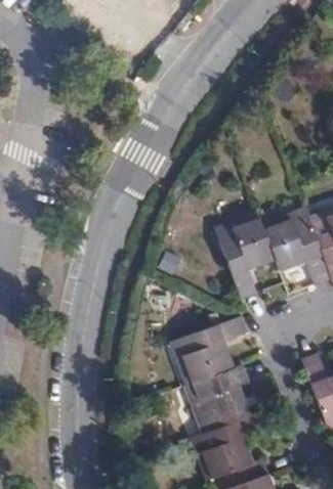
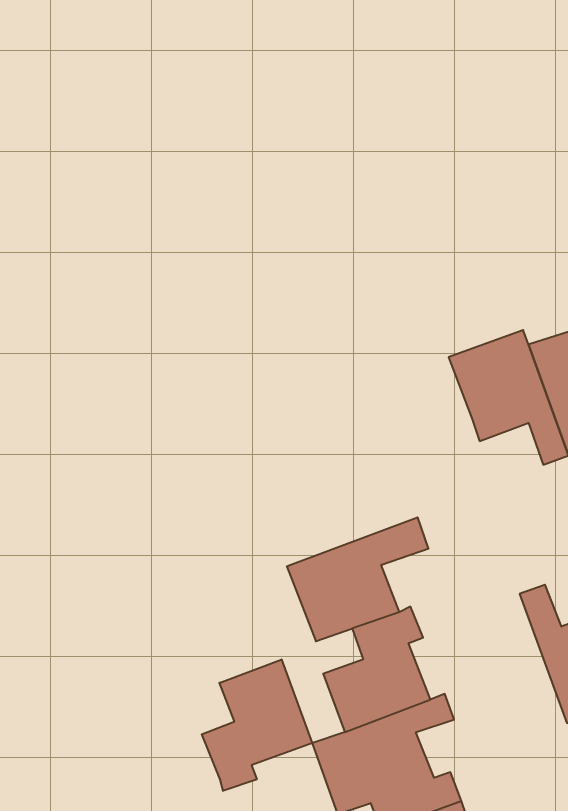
building: [214,212,276,301] -> none
building: none -> [202,659,312,791]

